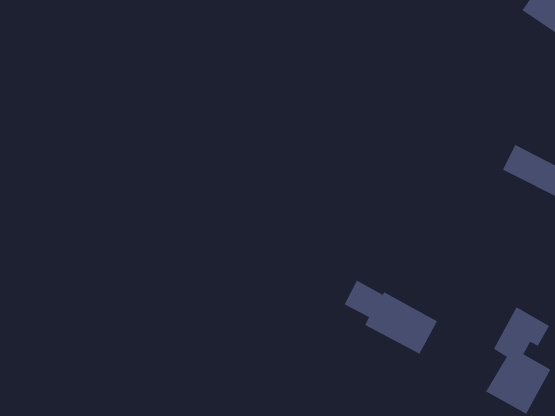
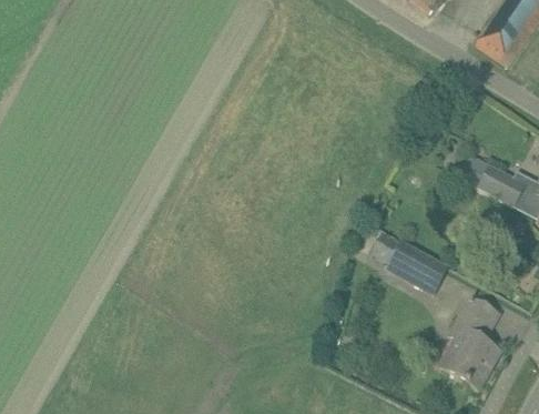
building: [344,280,438,355] -> [370,230,451,294]

